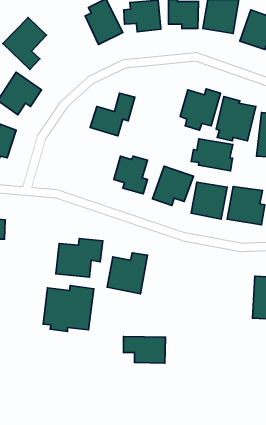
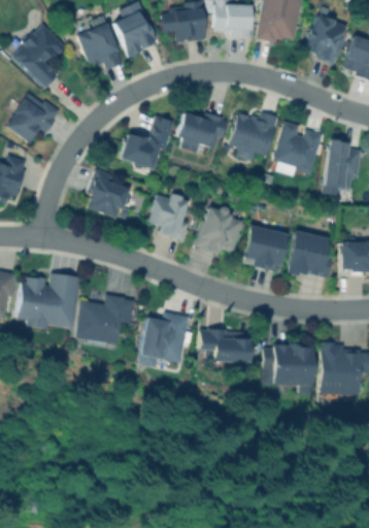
building: none -> [78,23,124,69]
building: none -> [177,108,226,153]
building: none -> [86,169,133,217]
building: [191,139,233,171] -> none
building: none -> [263,343,312,394]
building: [43,285,94,332] -> [18,272,79,329]
building: [124,336,166,363] -> [200,330,251,363]

